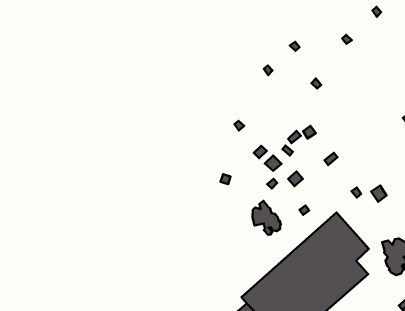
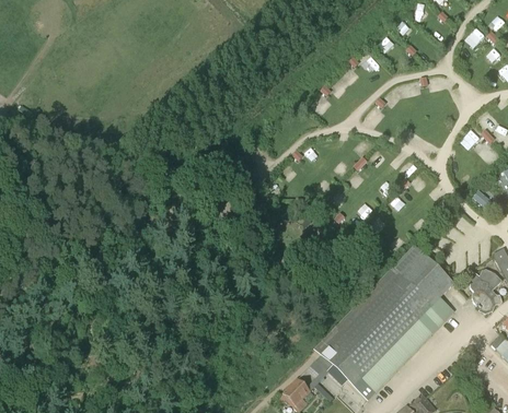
building: [252,201,281,235] -> none

